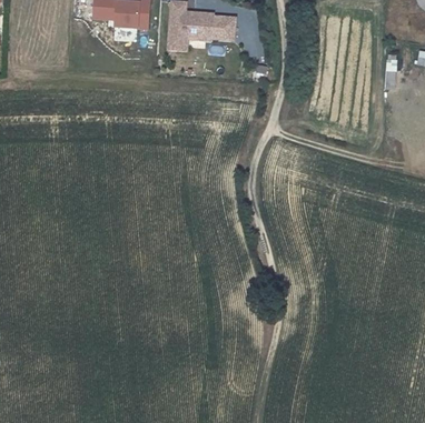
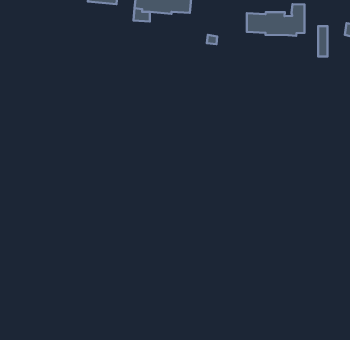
building: none -> [247,4,305,36]

